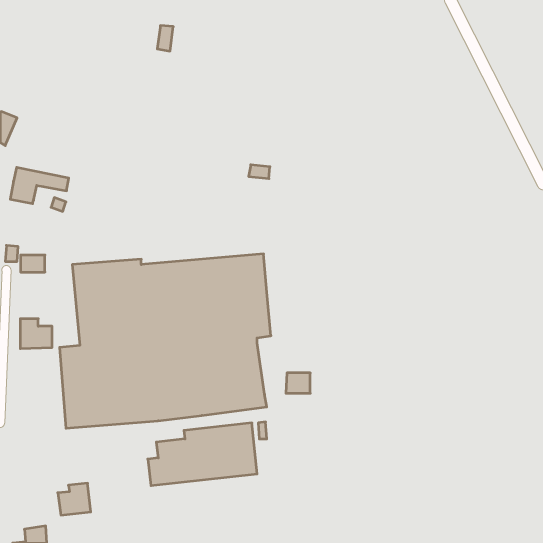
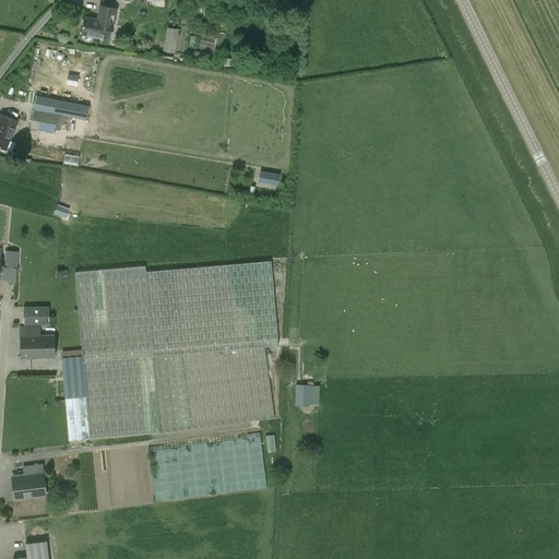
building: none -> [81,8,116,39]
building: [10,167,69,204] -> [29,95,90,132]
building: [21,255,45,272] -> [23,307,48,324]
building: [58,483,91,515] -> [11,465,45,498]

